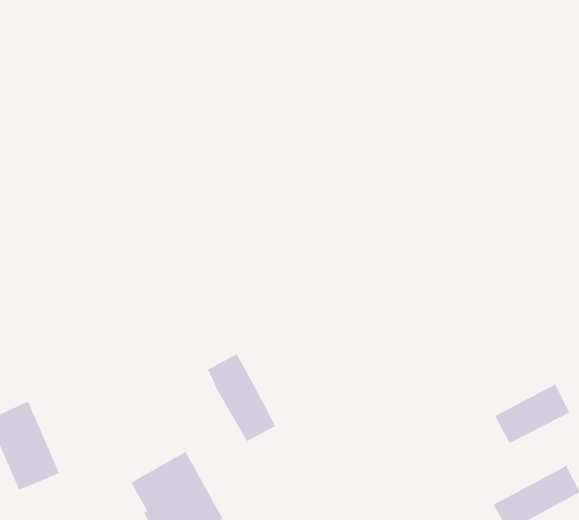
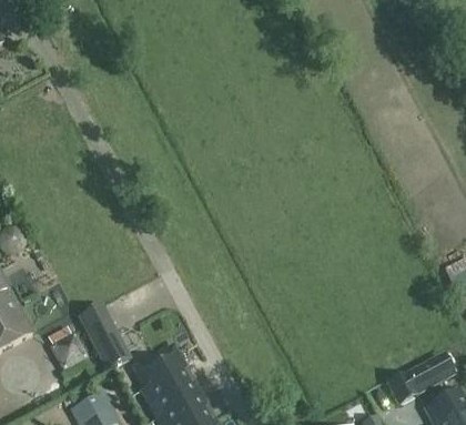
building: [207,354,276,442] -> [80,305,129,367]
building: [495,383,570,444] -> none

